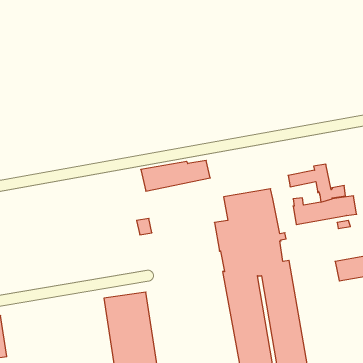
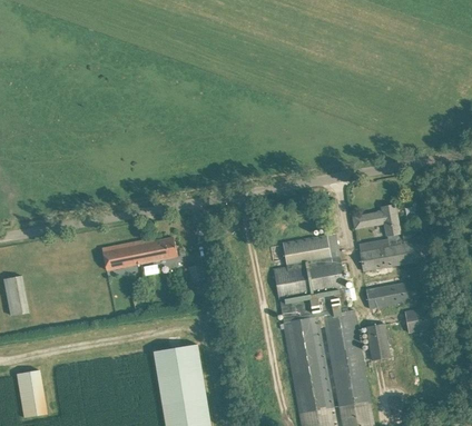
building: [141,160,210,191] -> [101,238,177,271]
building: none -> [365,281,413,313]
building: none -> [365,324,391,361]

